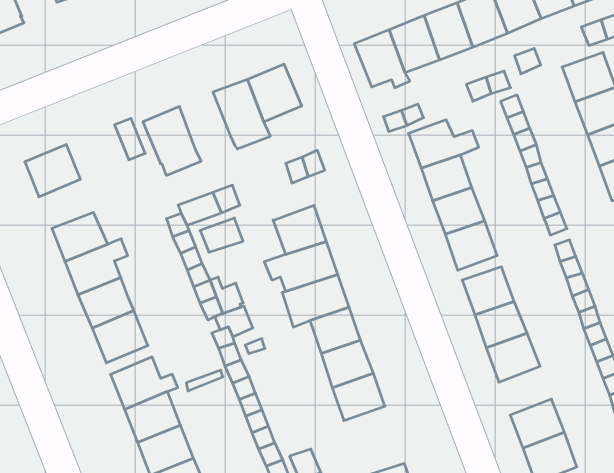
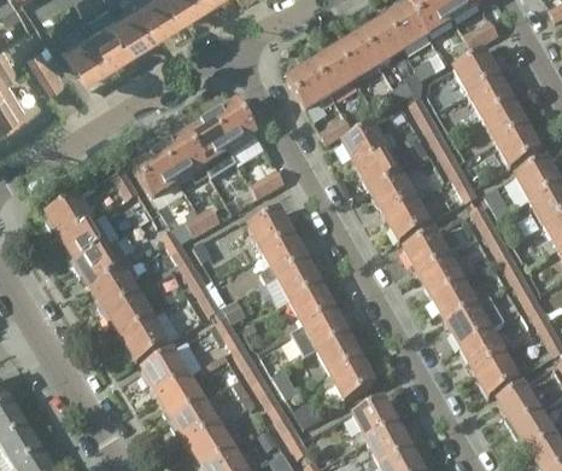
building: none -> [162,135,210,182]
building: none -> [64,221,109,263]
building: none -> [447,298,497,348]
building: none -> [332,357,376,400]

